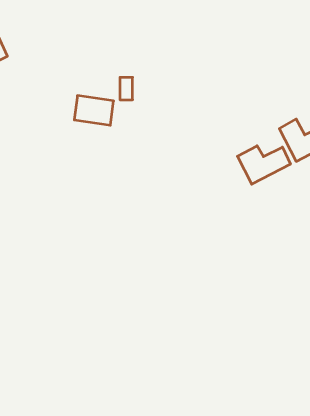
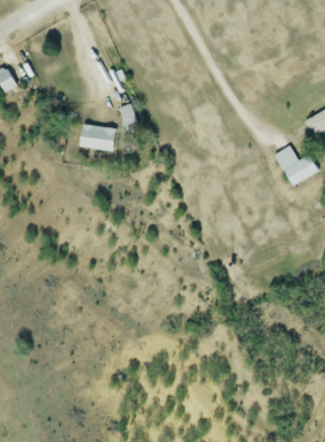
building: [237,146,290,184] -> none

